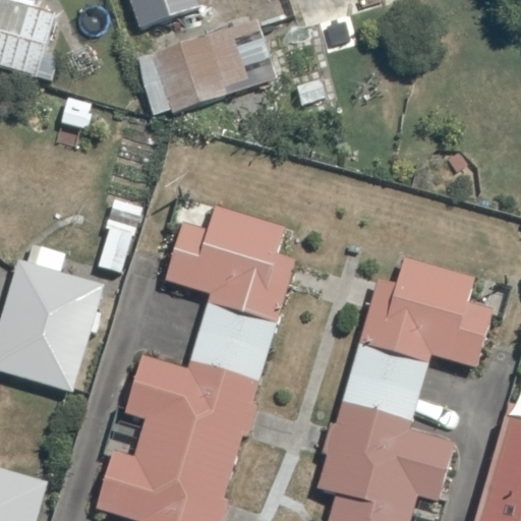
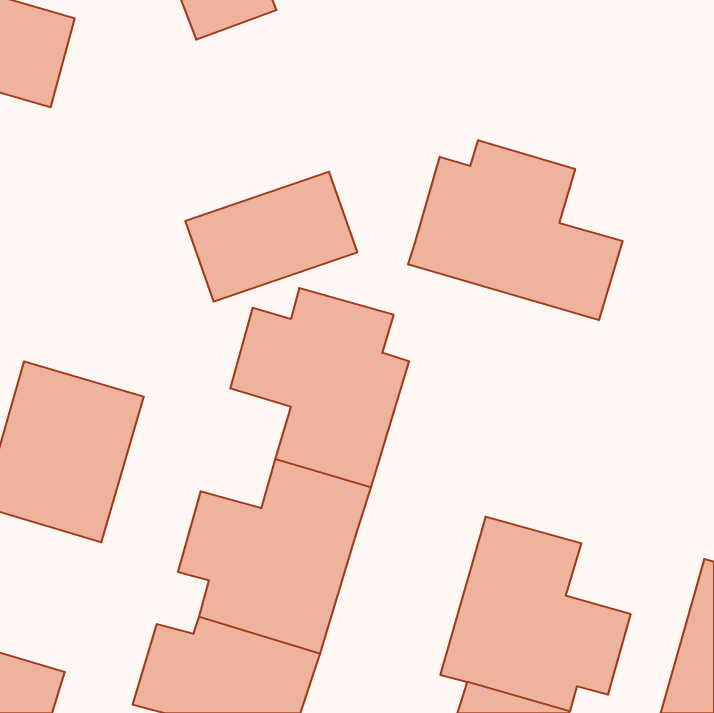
building: [152,19,276,113] -> [185,172,357,302]
building: none -> [408,140,623,320]
building: [350,257,493,392] -> none

